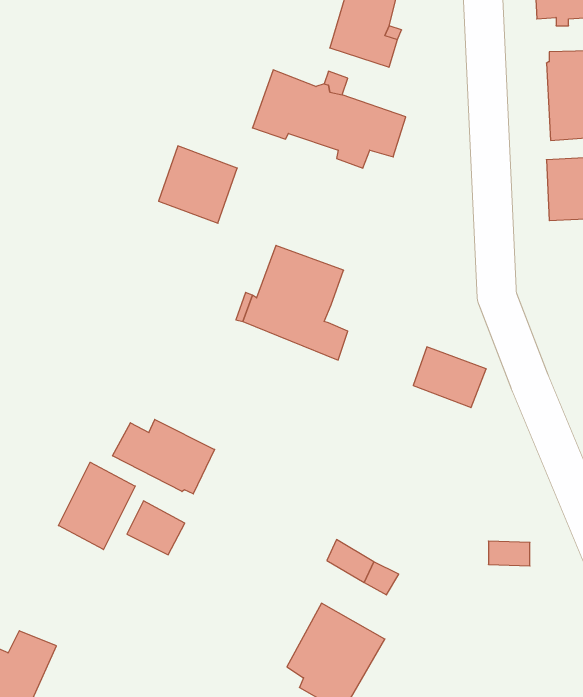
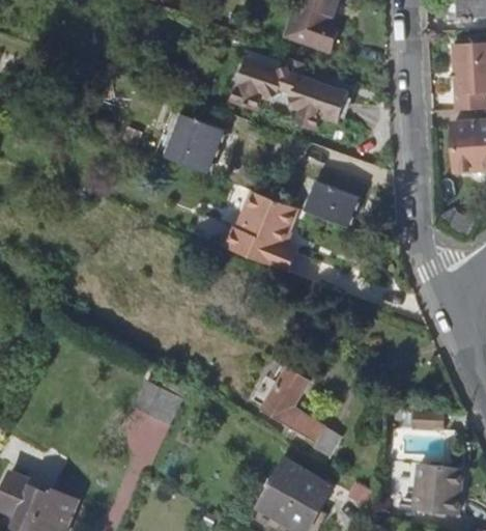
building: [413,347,486,408] -> [308,181,363,227]
building: [113,419,215,494] -> none
building: [58,462,135,550] -> none
building: none -> [261,368,307,425]
building: none -> [409,464,456,515]

